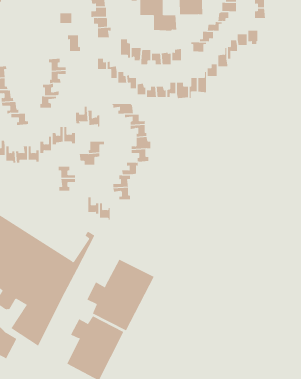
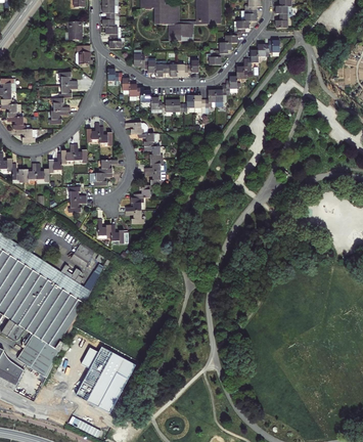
building: [87,259,154,331] -> none

